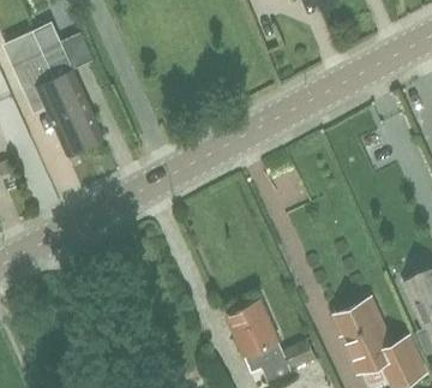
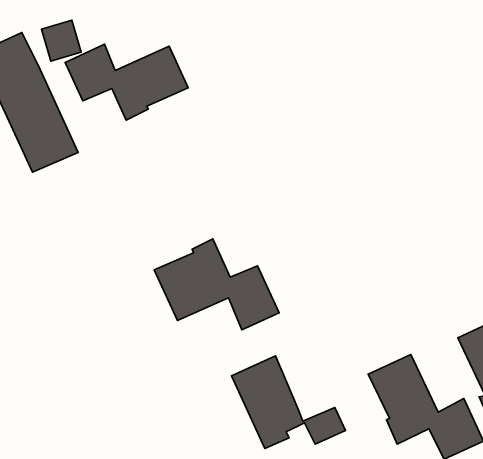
building: none -> [65,44,188,120]
building: none -> [154,239,279,330]

